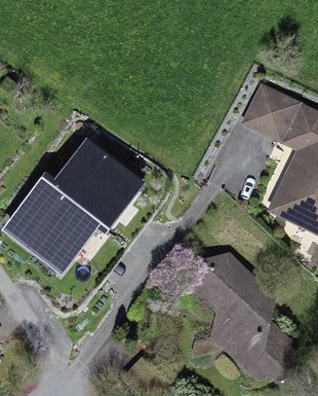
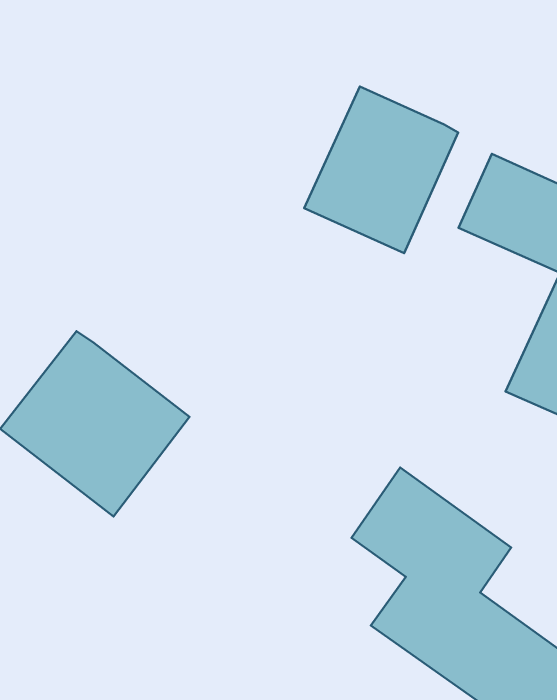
building: none -> [304,87,458,253]
building: [50,136,146,229] -> none

